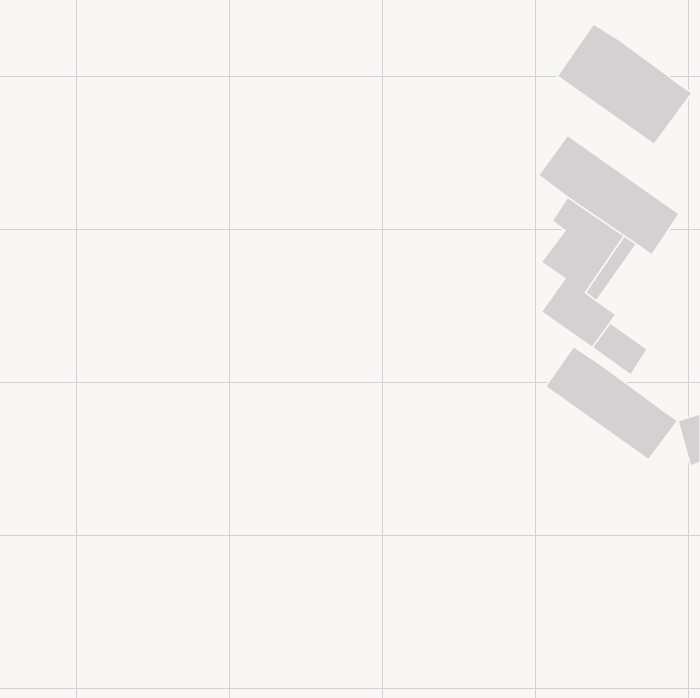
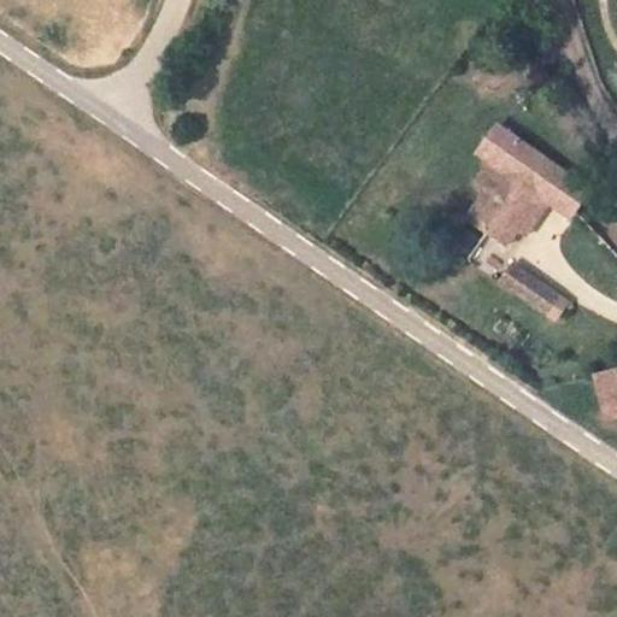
building: [557,24,692,145] -> none
building: [546,347,678,460] -> none

